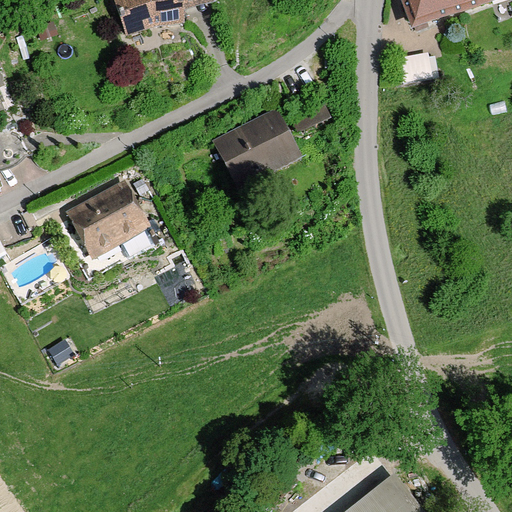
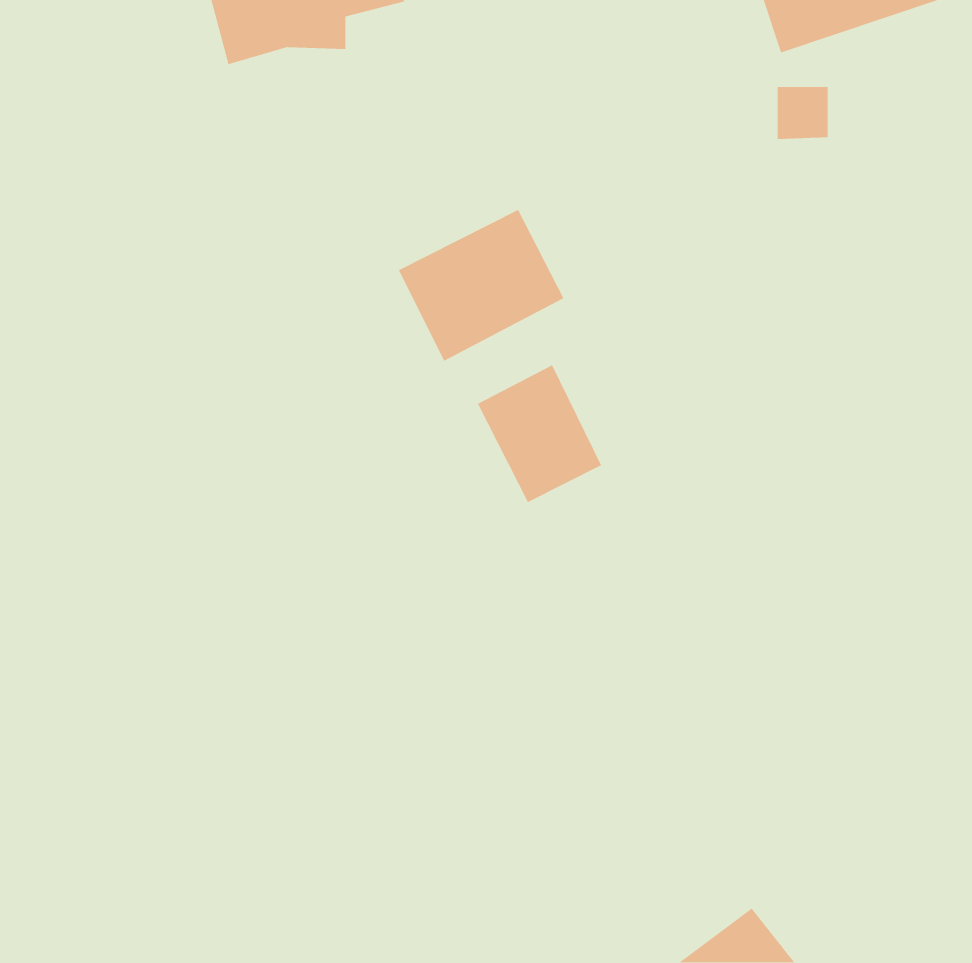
building: [67,179,152,257] -> none
building: none -> [477,364,602,503]

